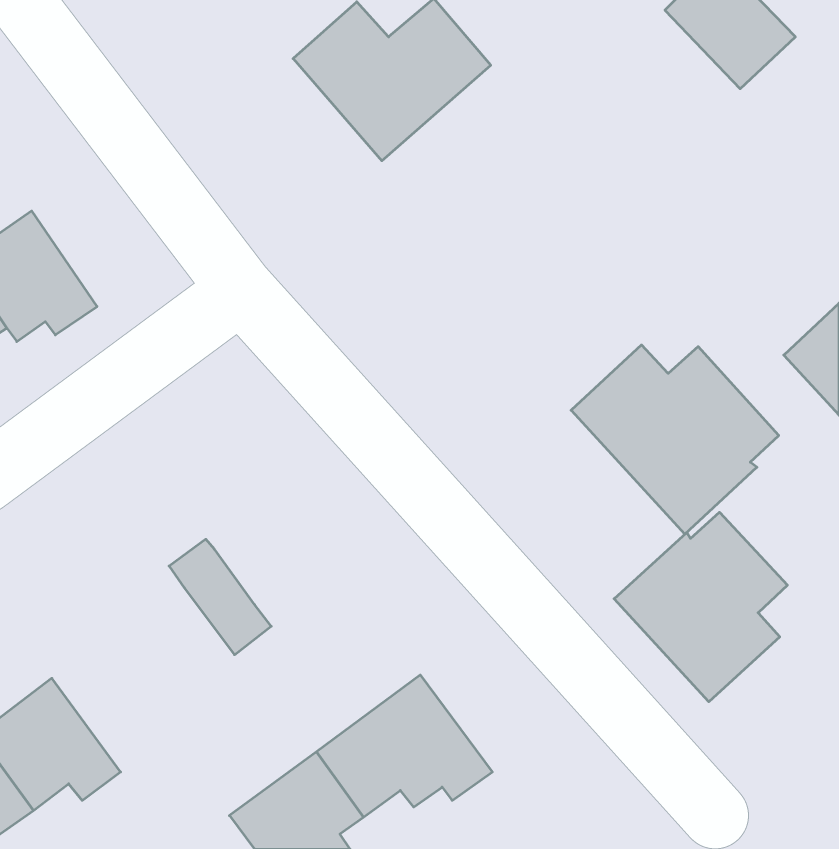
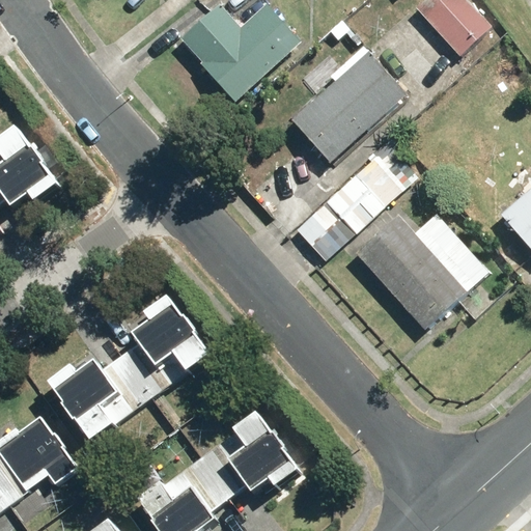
building: none -> [290,47,408,160]
building: none -> [295,134,423,260]
building: none -> [133,303,213,380]
building: [614,512,787,702] -> none
building: none -> [51,364,145,447]

